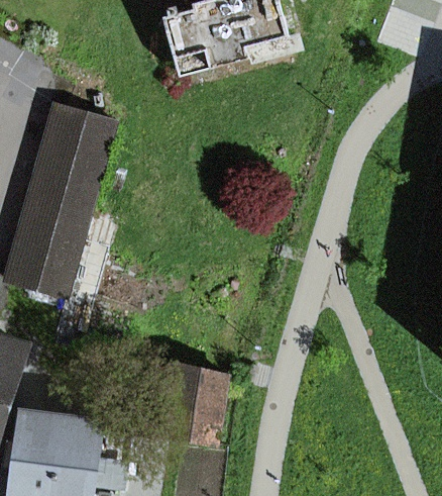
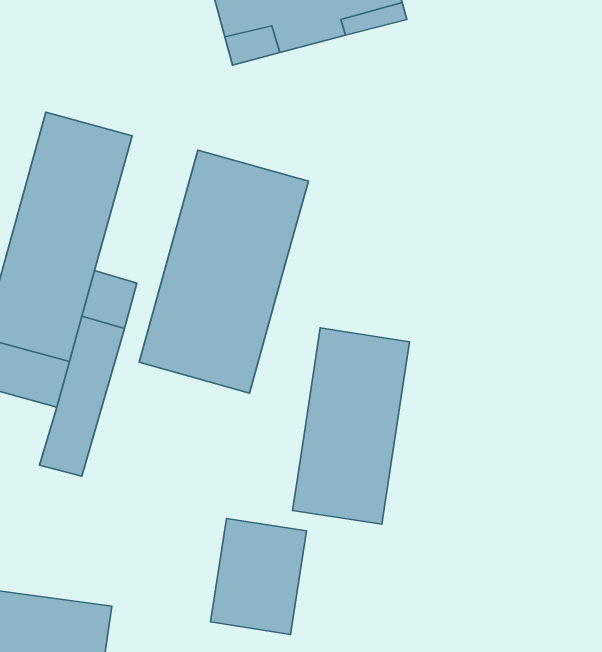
building: none -> [139,150,308,393]
building: none -> [292,328,409,524]

